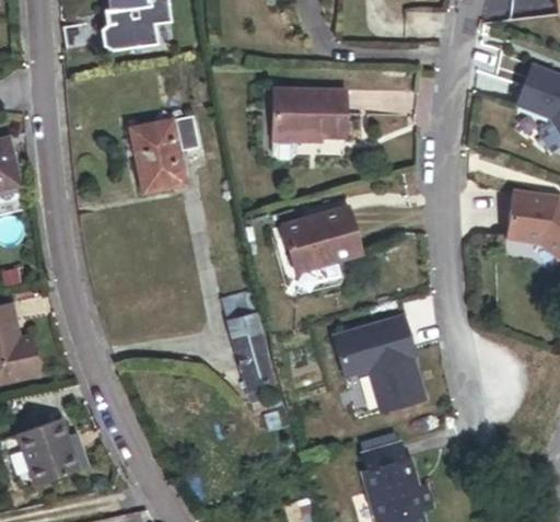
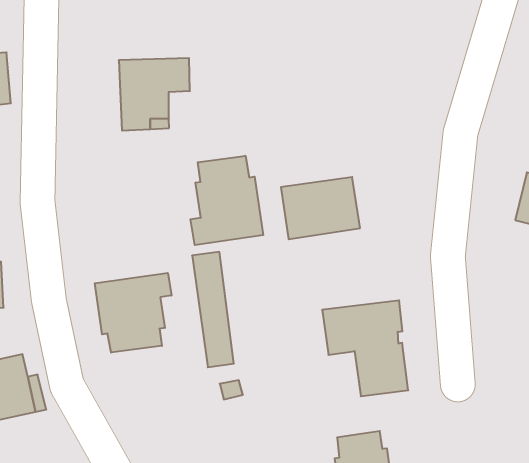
building: [275,94,348,159] -> none
building: none -> [190,156,263,245]
building: none -> [95,273,171,353]

